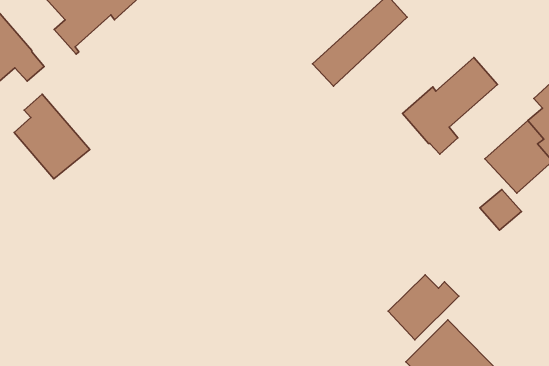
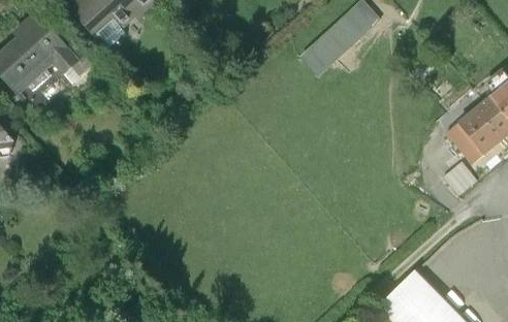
building: [403,58,498,154] -> none
building: [14,94,90,179] -> none
building: [388,275,459,340] -> none

